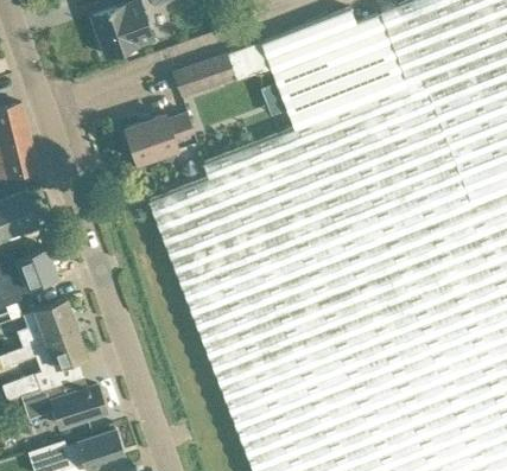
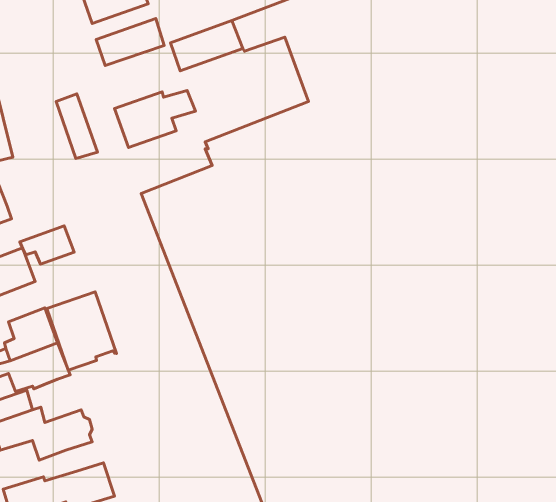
building: none -> [96,19,164,66]
building: none -> [56,94,97,159]
building: none -> [20,226,74,264]
building: none -> [47,292,117,370]

